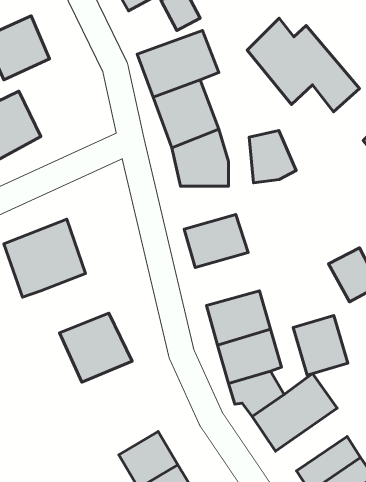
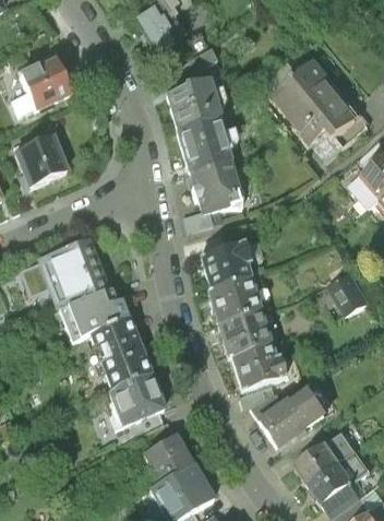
building: [249,131,296,183] -> none
building: none -> [208,270,265,317]
building: none -> [72,288,132,341]
building: [293,315,348,375] -> none
building: none -> [103,366,169,426]

